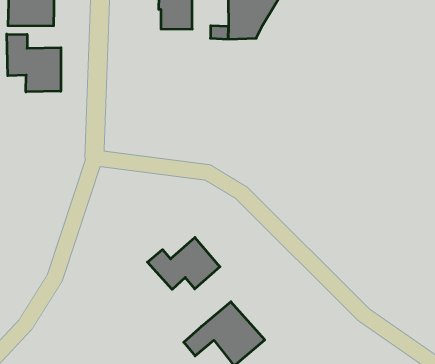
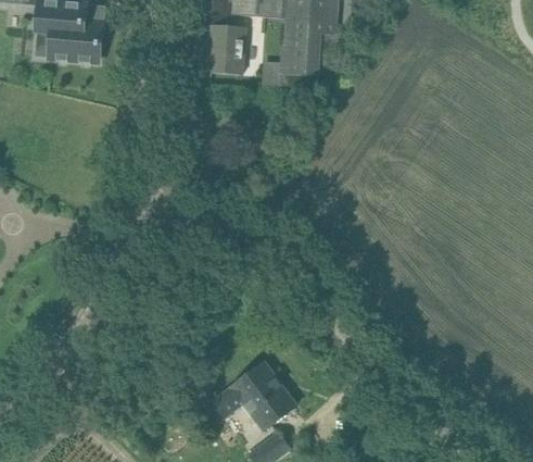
building: [7,34,61,92] -> none
building: [147,237,220,289] -> none

